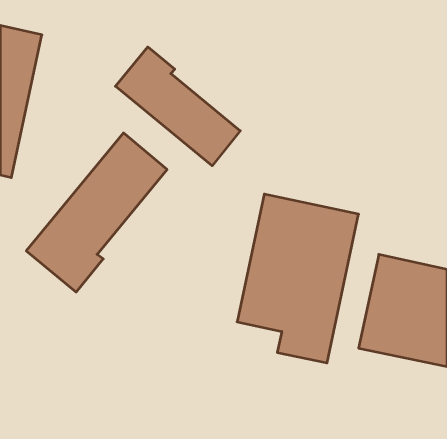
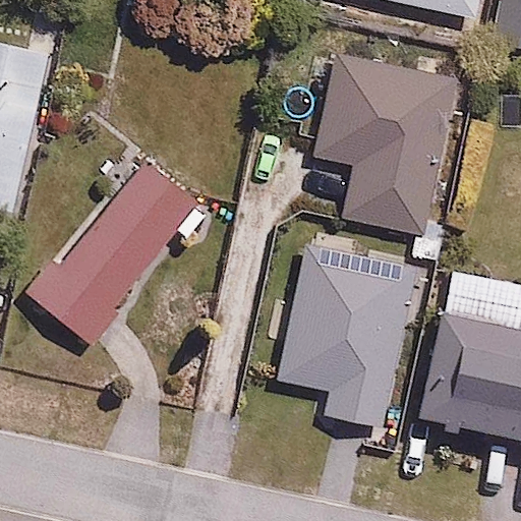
building: none -> [317,56,456,235]
building: [115,47,240,166] -> none

